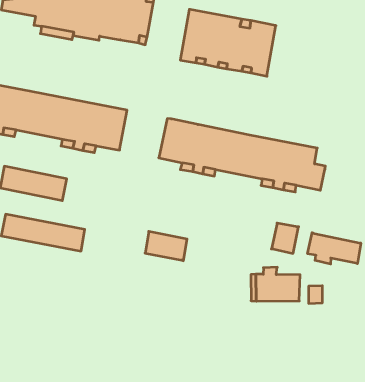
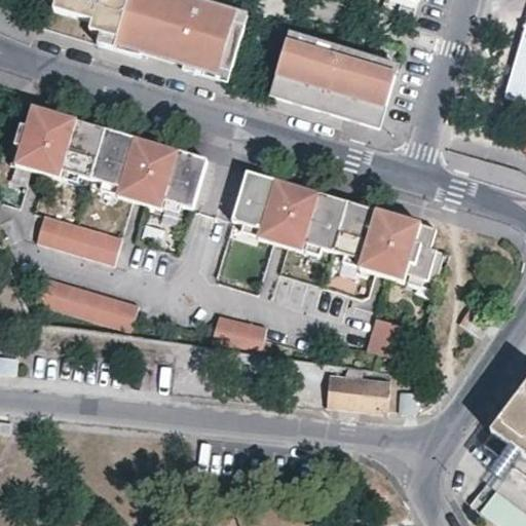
building: [308,233,361,264] -> none

